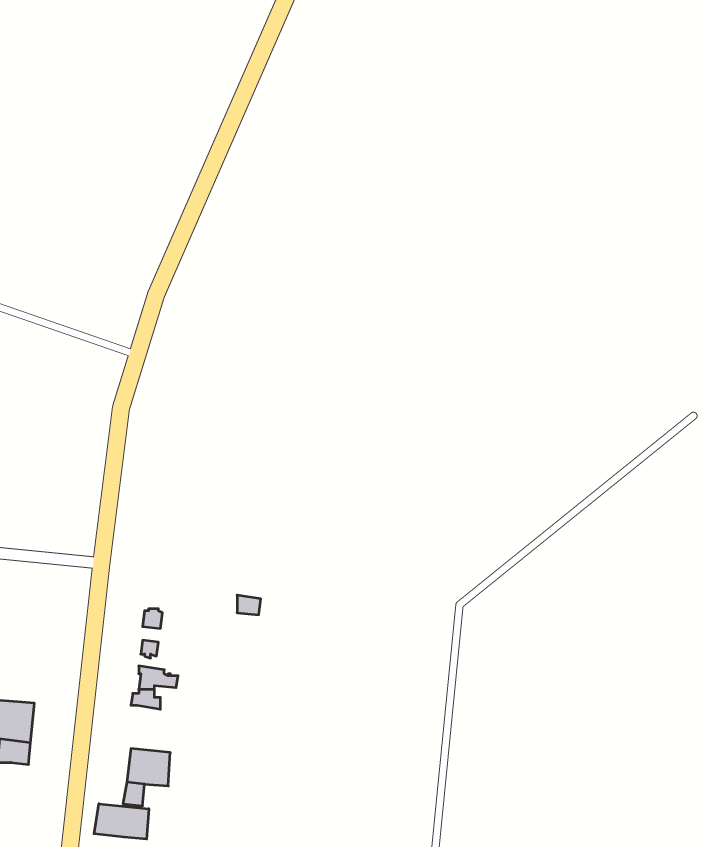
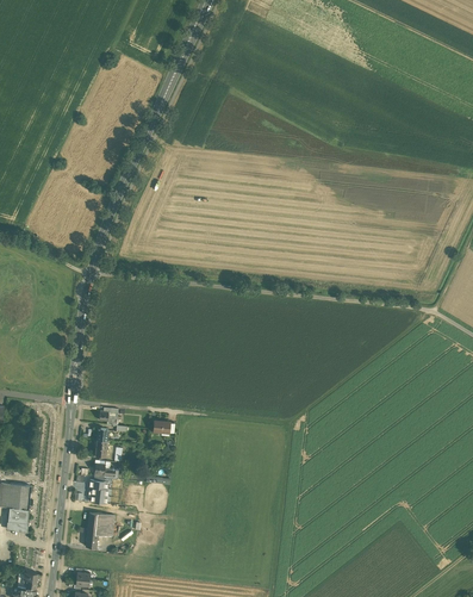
building: [94,804,149,839] -> none

